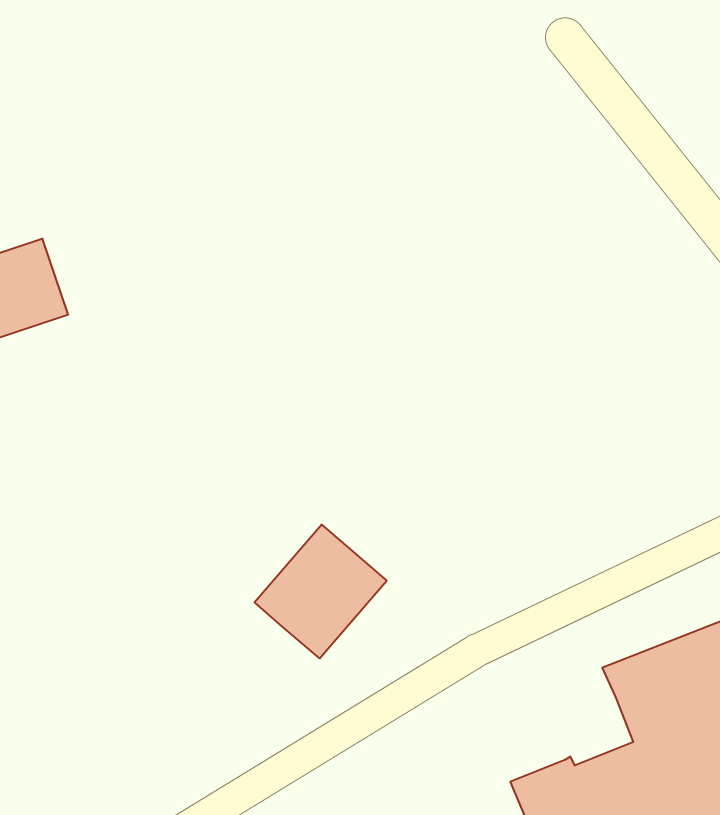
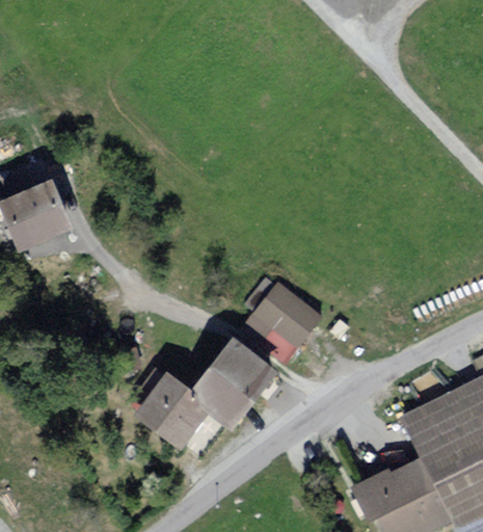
building: none -> [244,284,318,357]
building: none -> [138,372,209,442]

